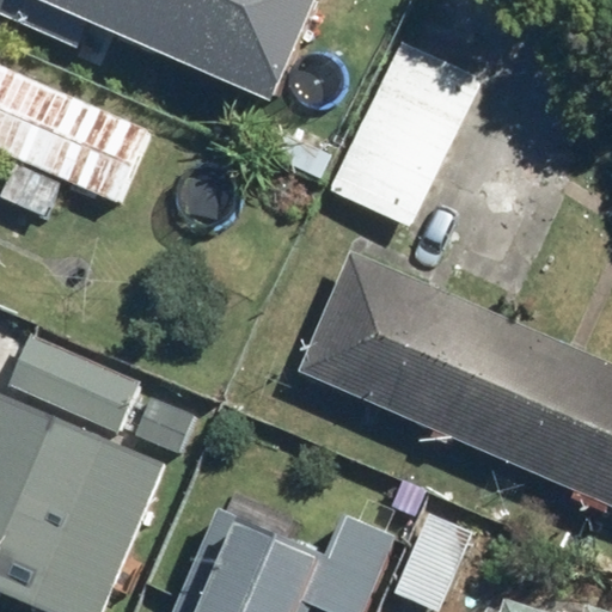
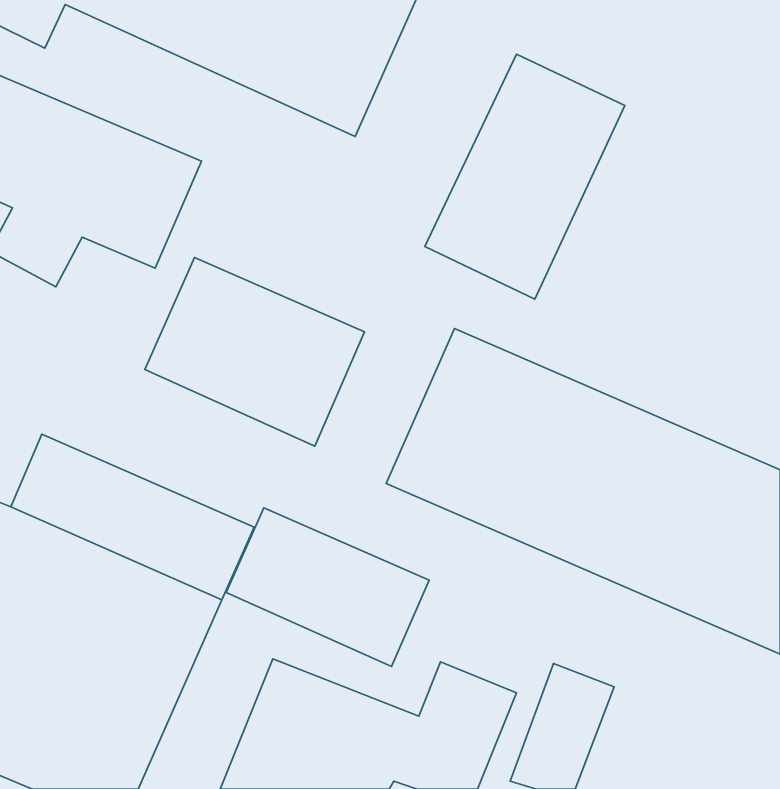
building: none -> [145,257,365,446]
building: none -> [226,508,429,667]

